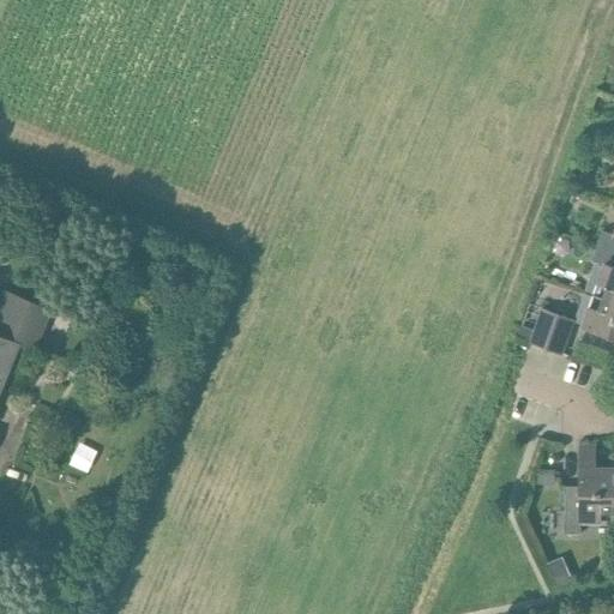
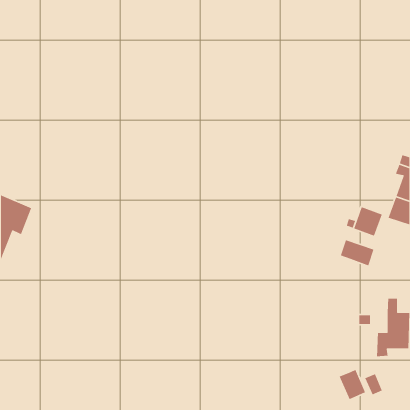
building: none -> [340,239,375,266]
building: none -> [339,369,366,400]

